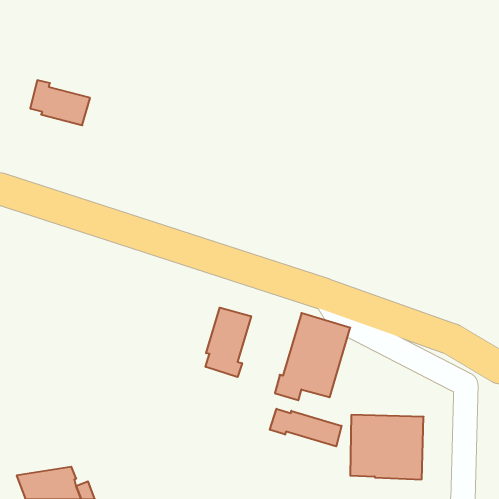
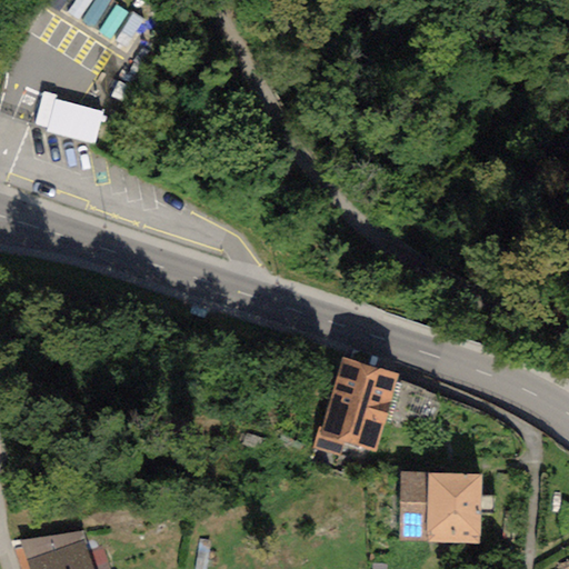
building: [206,308,251,377] -> none
building: [270,409,342,446] -> none

